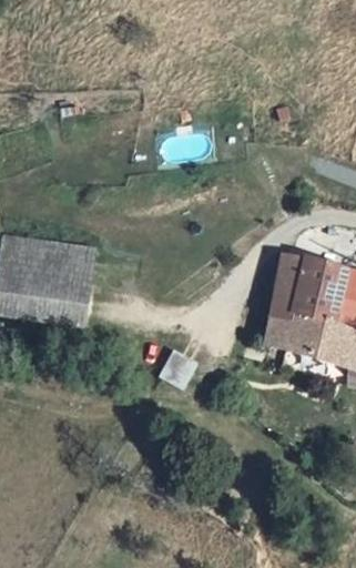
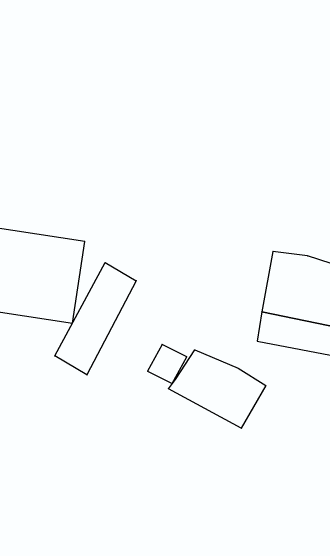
building: none -> [55,263,136,375]
building: none -> [168,350,266,428]

